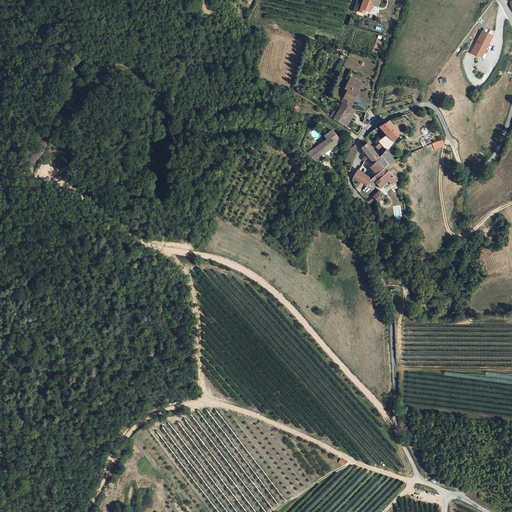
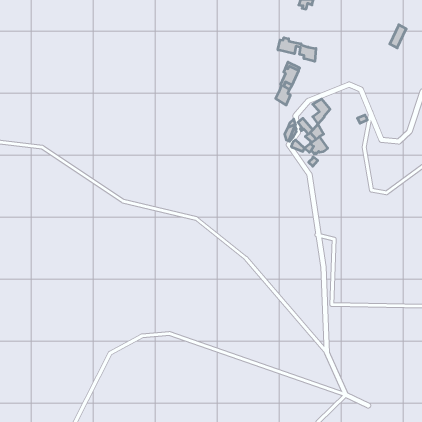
building: none -> [278,38,316,61]
building: [307,129,340,161] -> none

